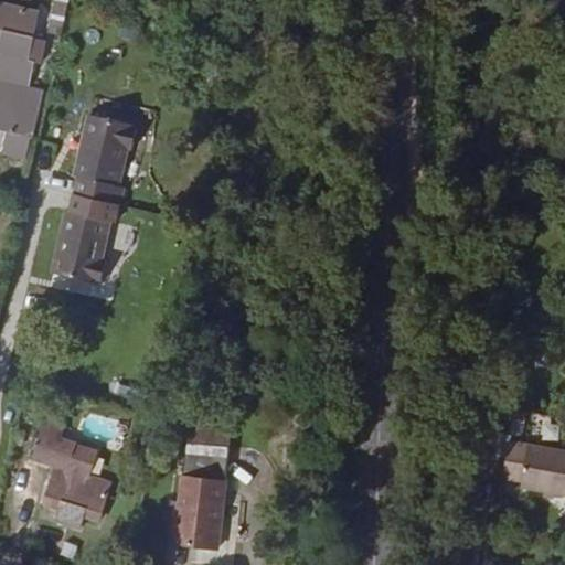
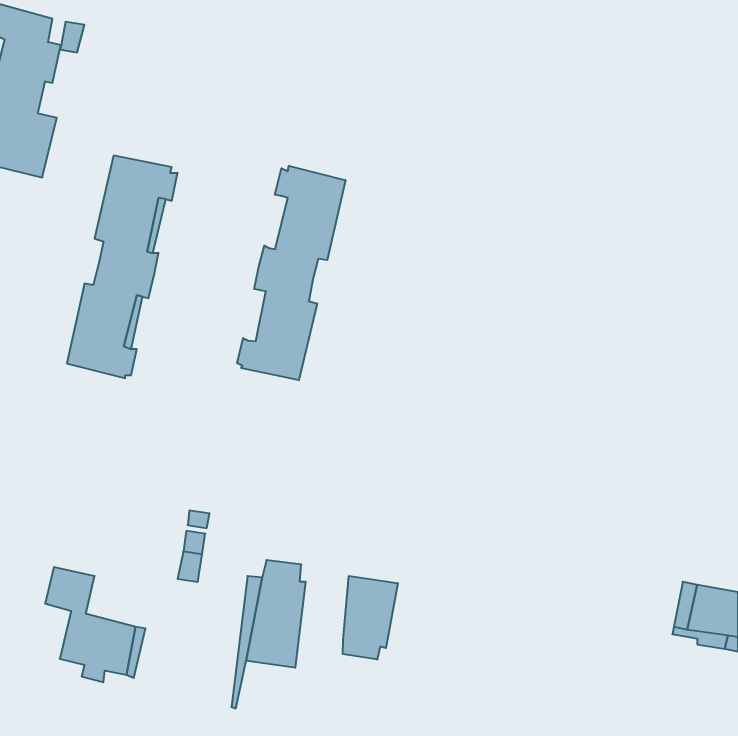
building: none -> [237,166,345,380]
building: none -> [343,576,398,660]
building: [179,501,224,542] -> none

